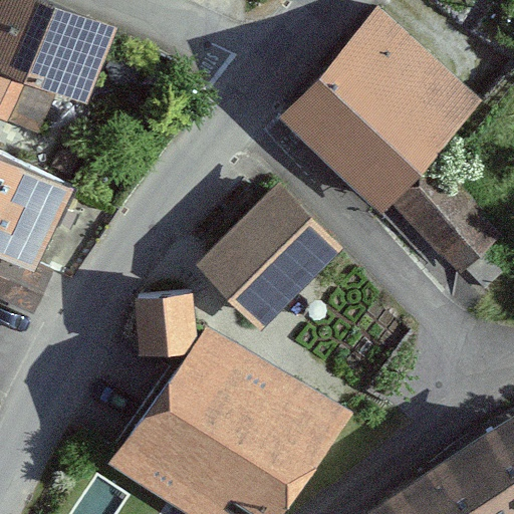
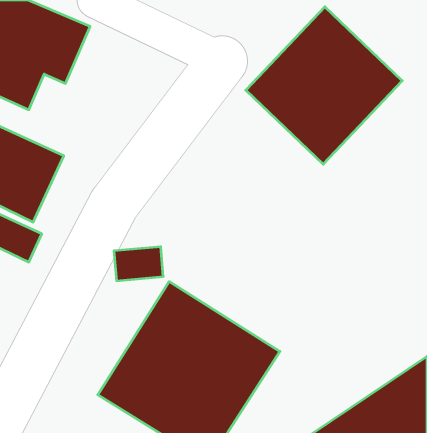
building: [395,170,496,275] -> none
building: [199,190,334,326] -> none

